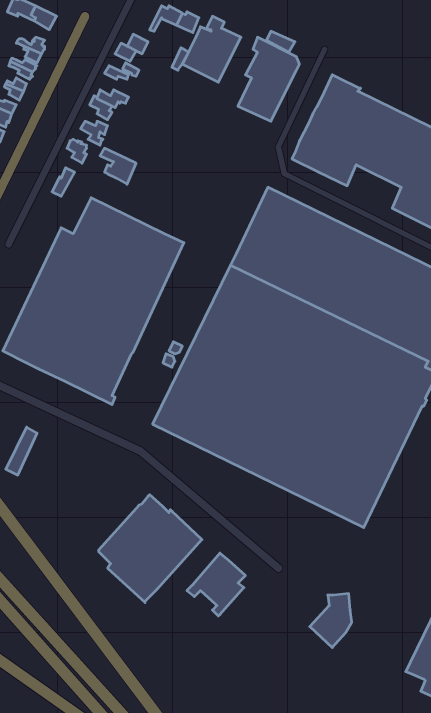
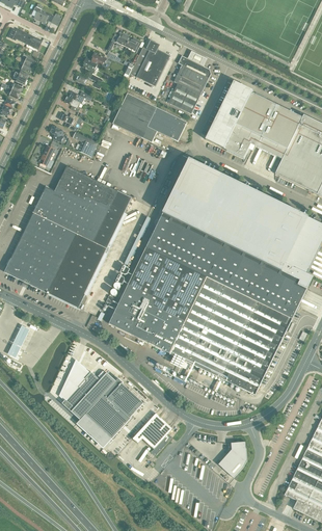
building: none -> [112,92,186,141]
building: none -> [59,360,99,410]

